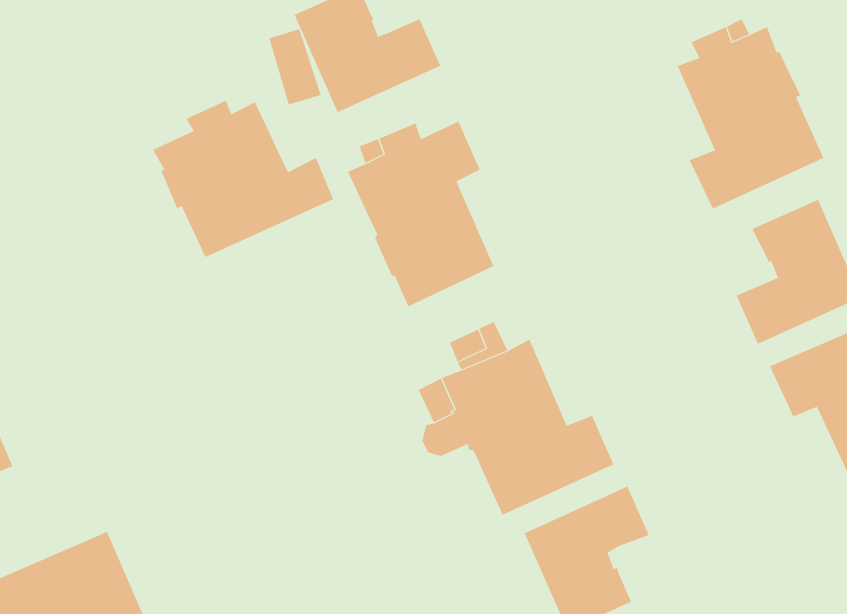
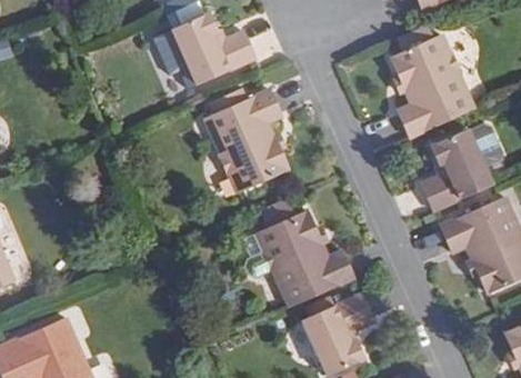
building: [152,100,334,258] -> none

